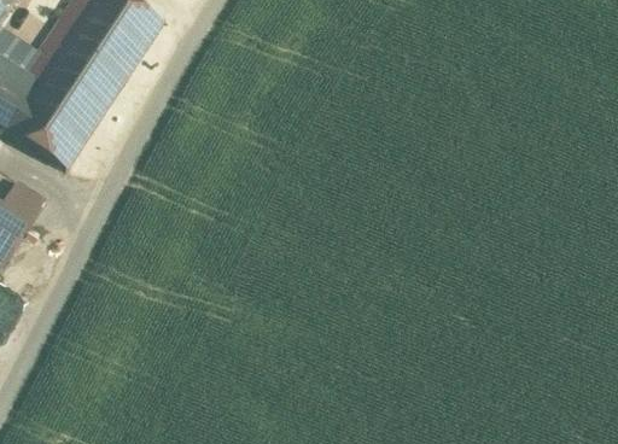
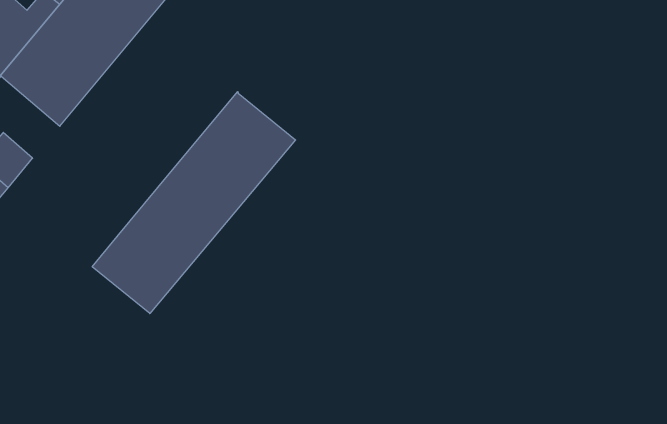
building: none -> [92,92,296,314]

